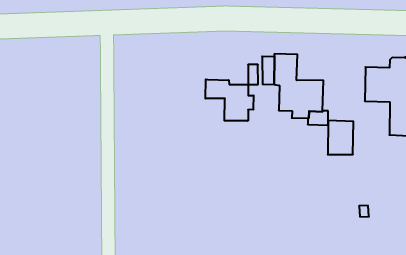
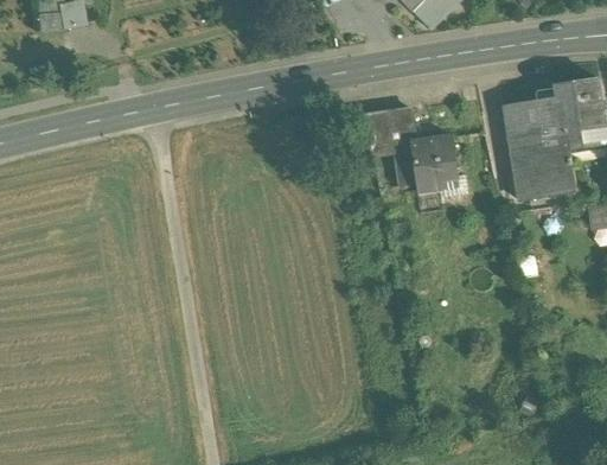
building: [205,79,254,121] -> none
building: [328,121,353,155] -> [510,147,550,197]

